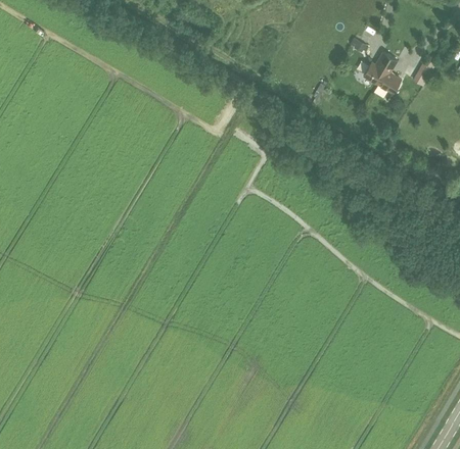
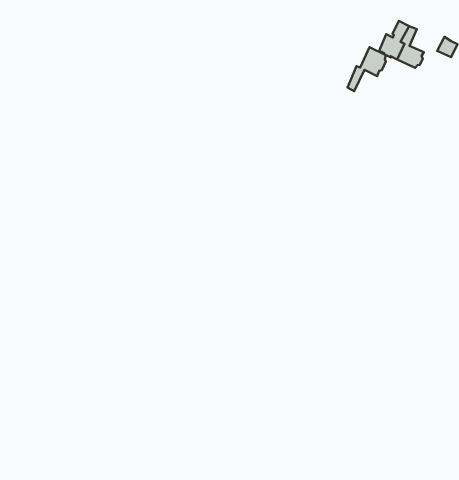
building: none -> [348,47,386,91]

